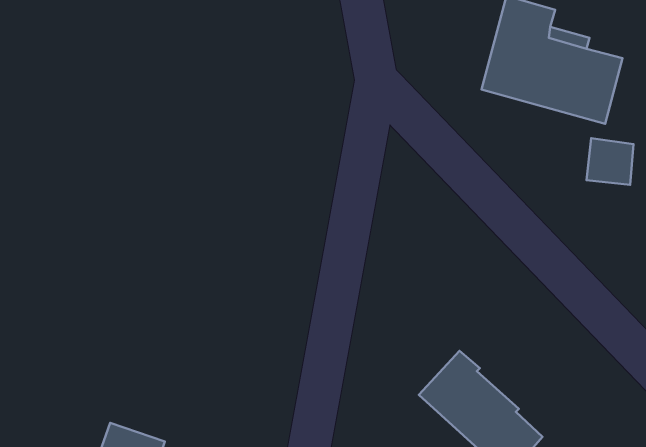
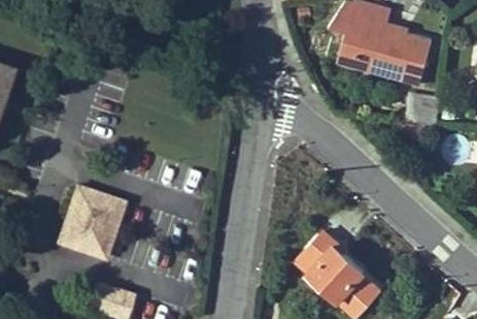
building: none -> [56,185,121,256]

